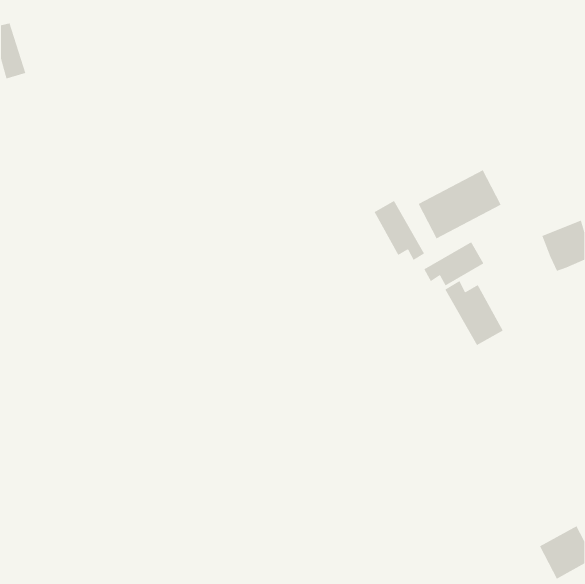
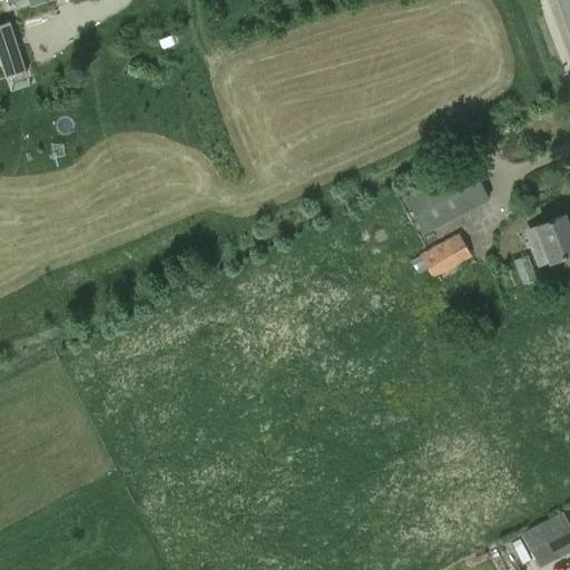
building: [374,200,425,261] -> none
building: [444,280,504,346] -> none

